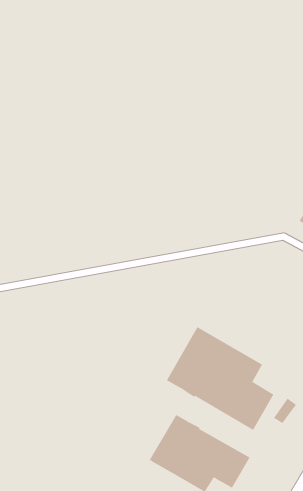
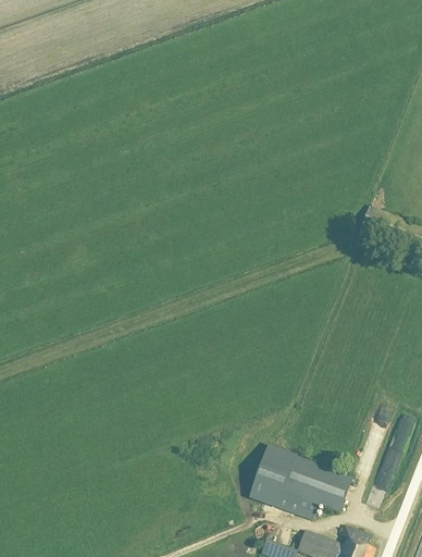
building: [166,326,274,431] -> none

